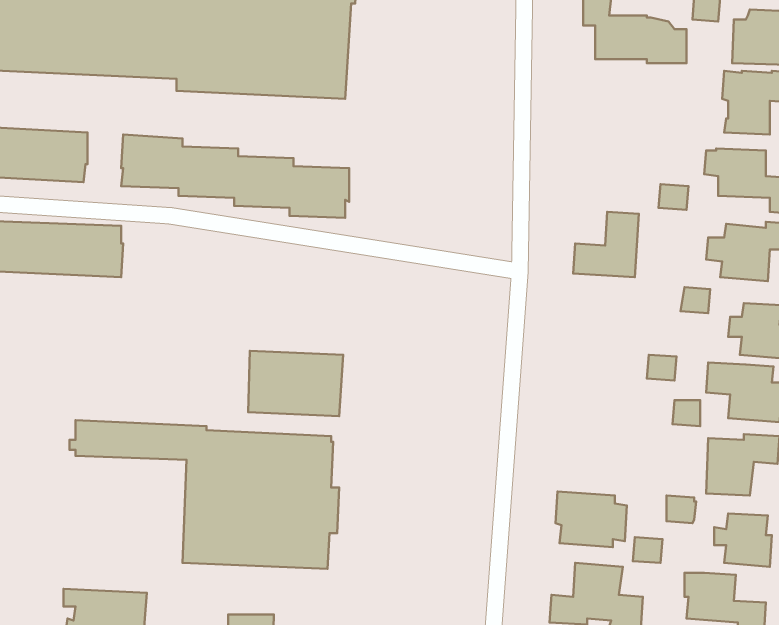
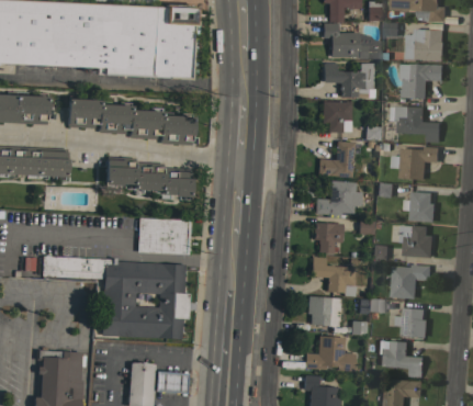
building: none -> [324,63,375,99]
building: none -> [323,102,352,133]
building: none -> [105,157,192,198]
building: none -> [316,181,362,216]
building: none -> [314,223,344,253]
building: none -> [312,257,357,296]

